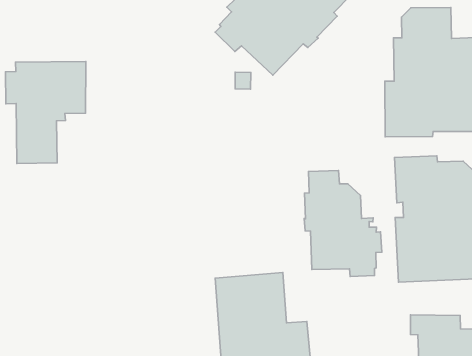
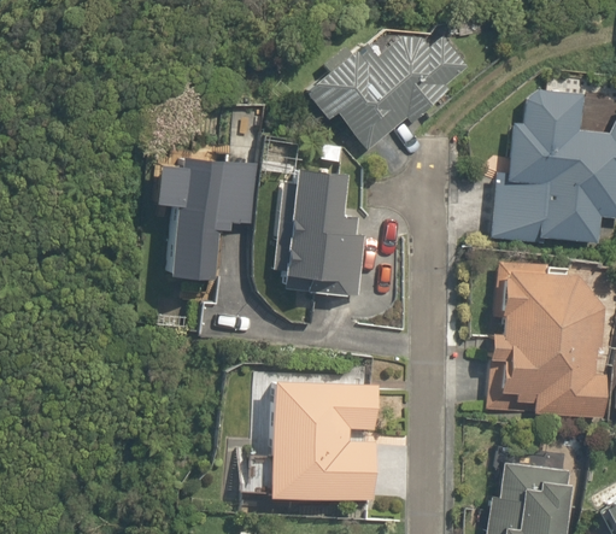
building: [5,62,86,163] -> [163,157,262,280]
building: none -> [275,169,366,297]
building: [304,170,382,276] -> none

